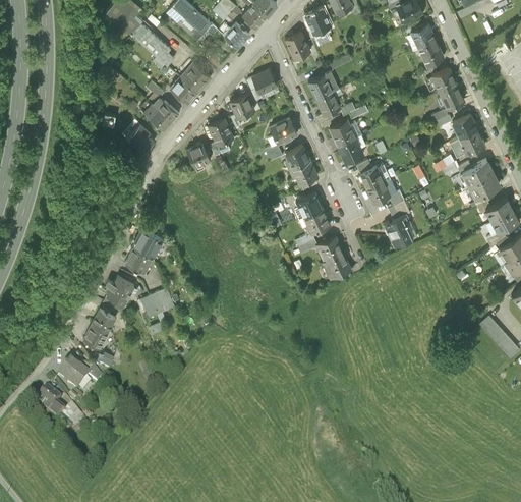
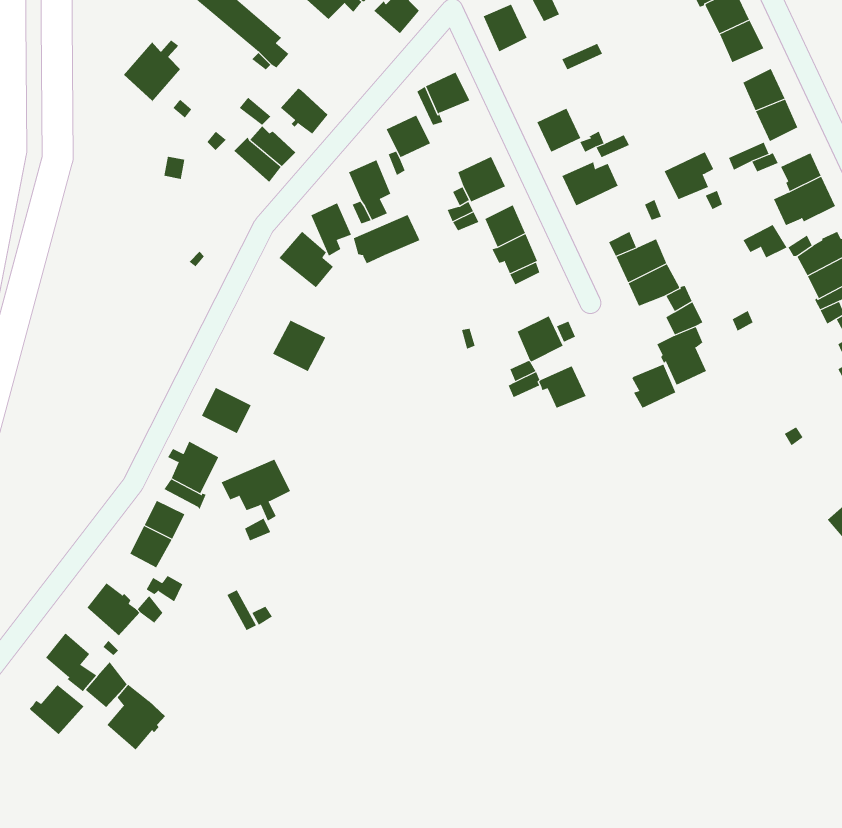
building: none -> [123,40,181,103]
building: [181,62,211,93] -> none
building: [307,69,338,97] -> none
building: [121,122,153,155] -> [278,231,334,288]
building: [337,133,365,161] -> [664,151,714,200]
building: none -> [353,214,421,264]
building: [295,190,322,216] -> none
building: [132,228,163,258] -> [272,320,326,372]
building: [325,253,350,278] -> [631,364,676,409]
building: none -> [106,684,166,750]
building: none -> [29,684,85,735]

